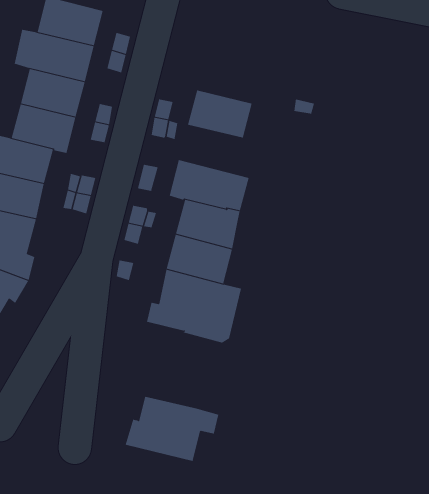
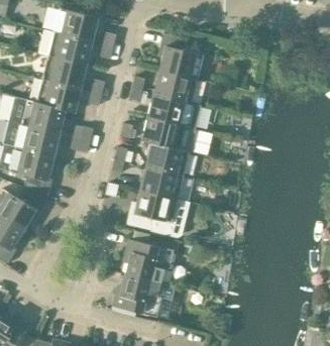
building: none -> [158,34,202,80]
building: none -> [146,94,200,129]
building: none -> [123,240,173,282]

